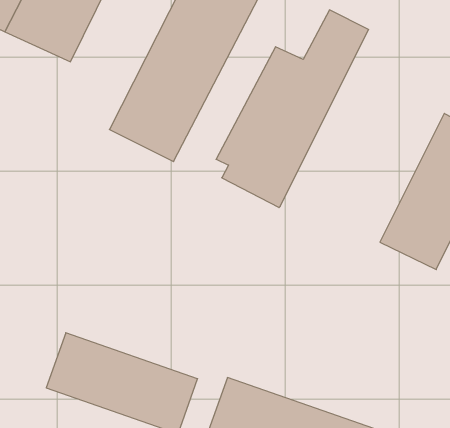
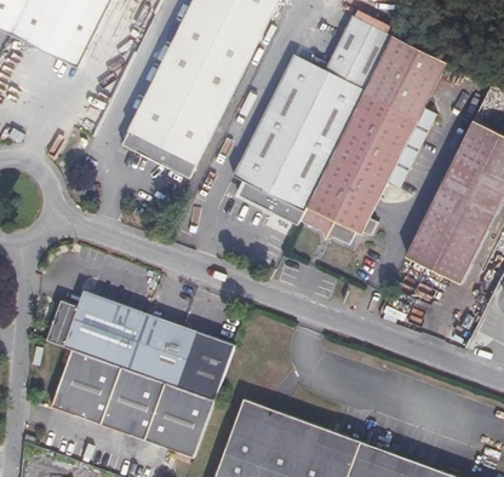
building: none -> [299,33,448,242]
building: none -> [46,294,233,401]

